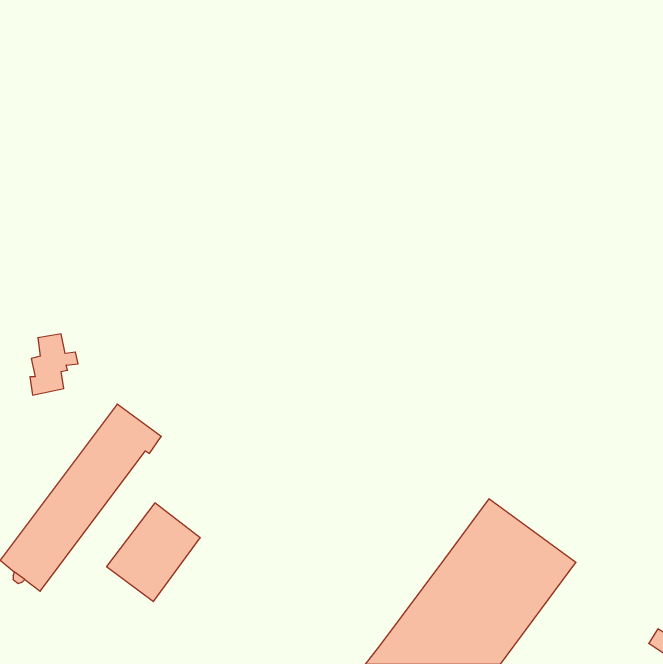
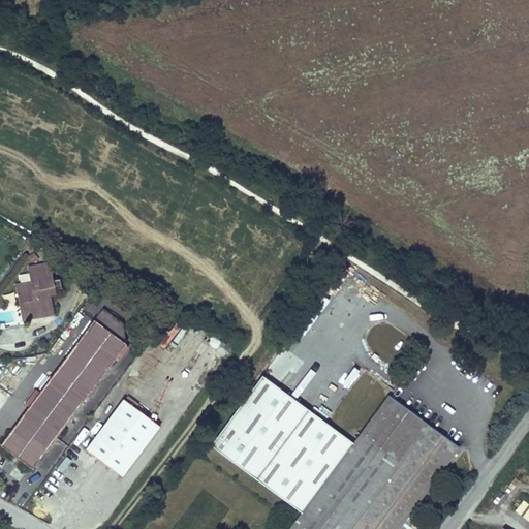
building: none -> [17,285,53,320]
building: none -> [211,376,354,514]

